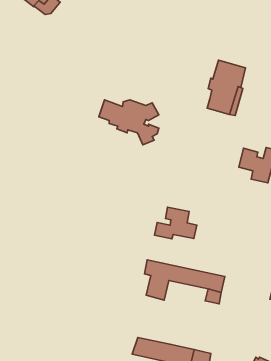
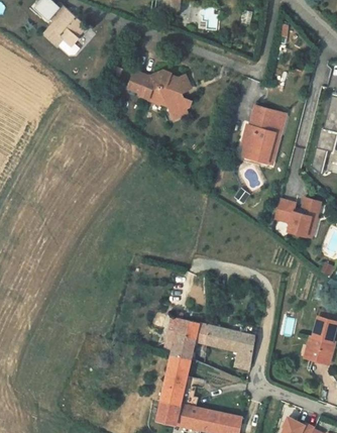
building: [99,100,159,145] -> [124,69,189,117]
building: [154,207,197,239] -> none
building: none -> [163,354,201,407]

